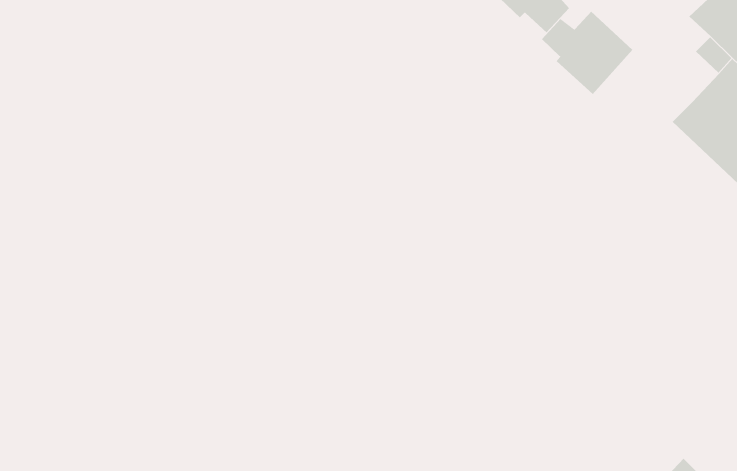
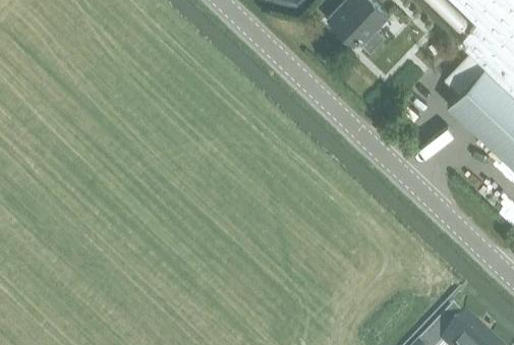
building: [541,11,633,95] -> none

